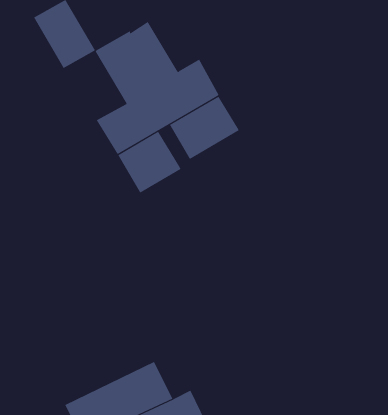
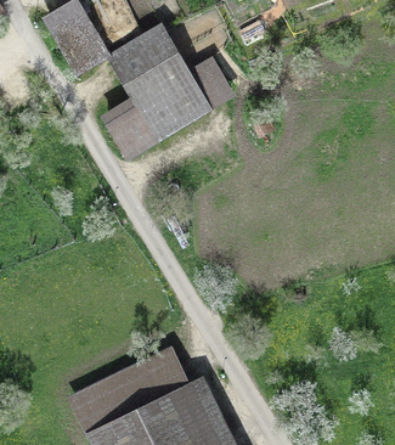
building: [169,96,239,160] -> none
building: [117,131,181,193] -> none

